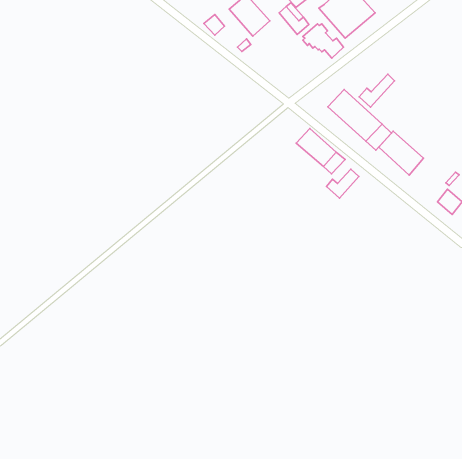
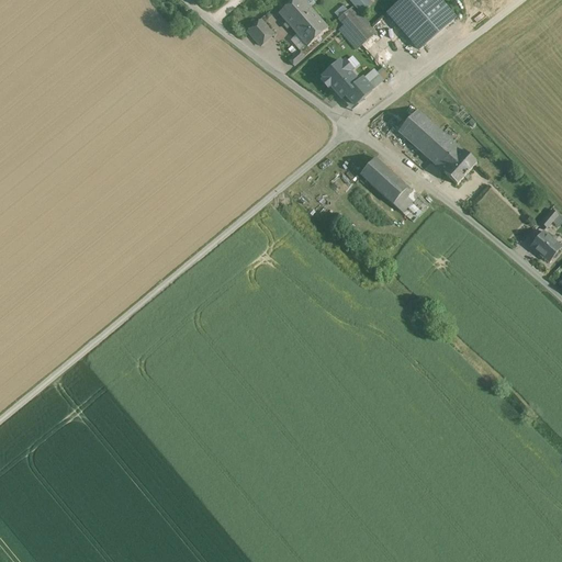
building: [303,24,344,58] -> [322,59,371,101]
building: [359,74,395,107] -> none
building: [379,131,424,175] -> none
building: [327,169,359,198] -> none

